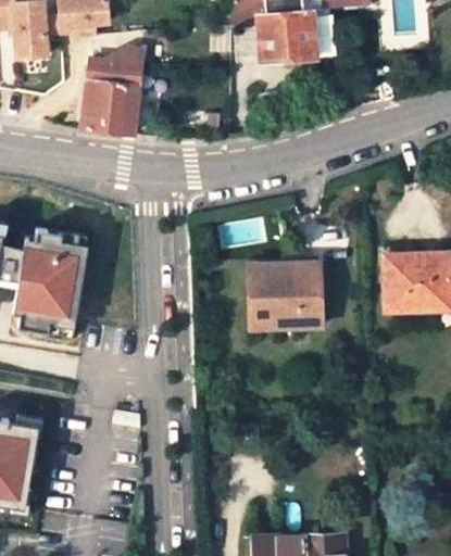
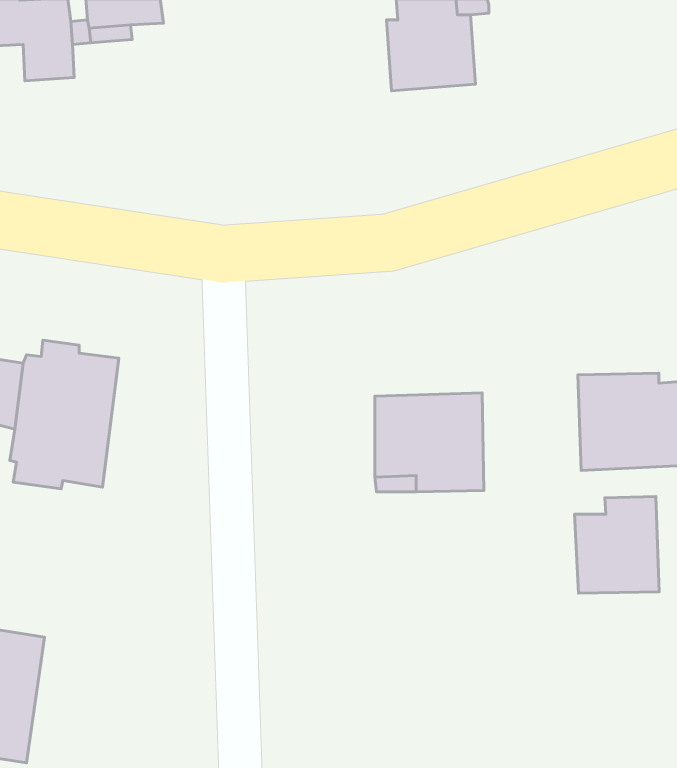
building: [83,50,141,138] -> none
building: none -> [575,497,659,593]

